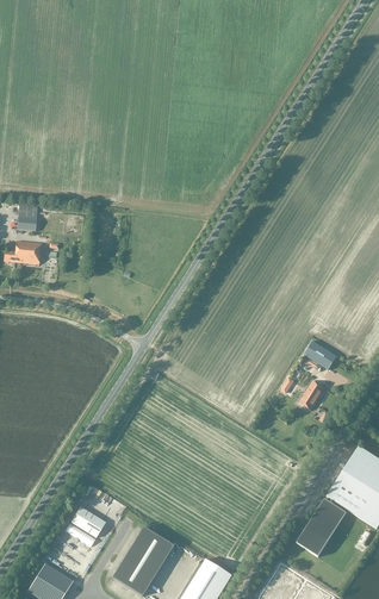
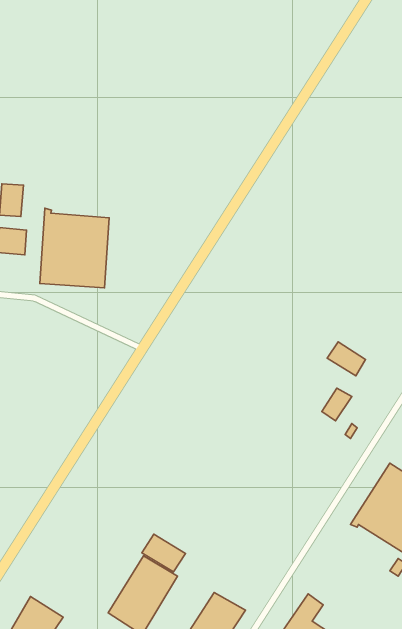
building: none -> [40,208,109,288]
building: [297,498,346,556] -> none
building: [70,506,105,537] -> none
building: none -> [142,534,186,572]

